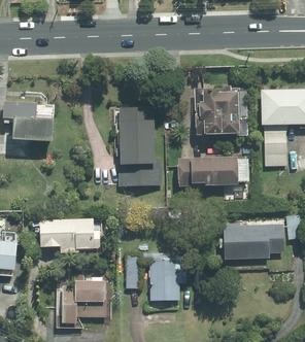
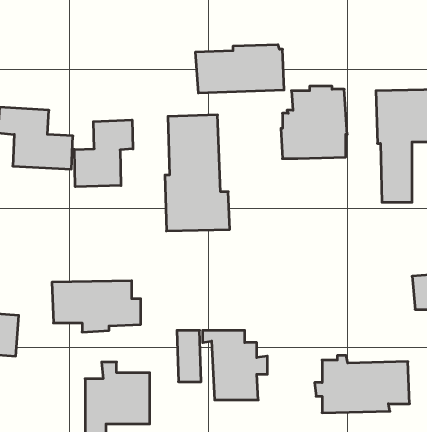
building: none -> [74,120,133,187]
building: [177,155,238,187] -> [195,45,284,93]
building: [218,220,283,260] -> [315,356,410,413]

